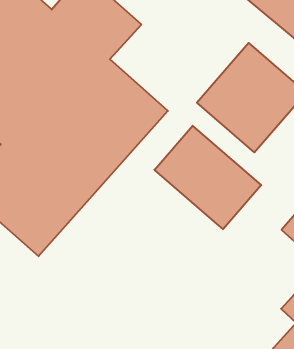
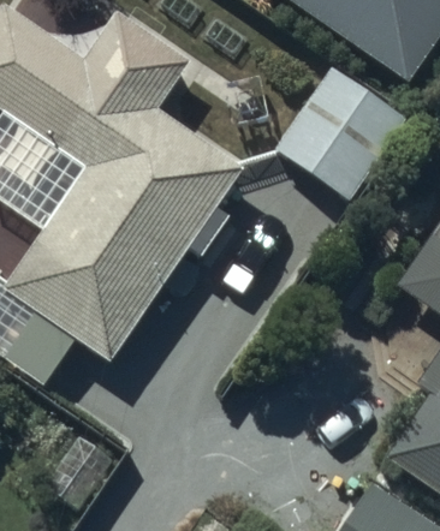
building: [154,126,261,229] -> none

